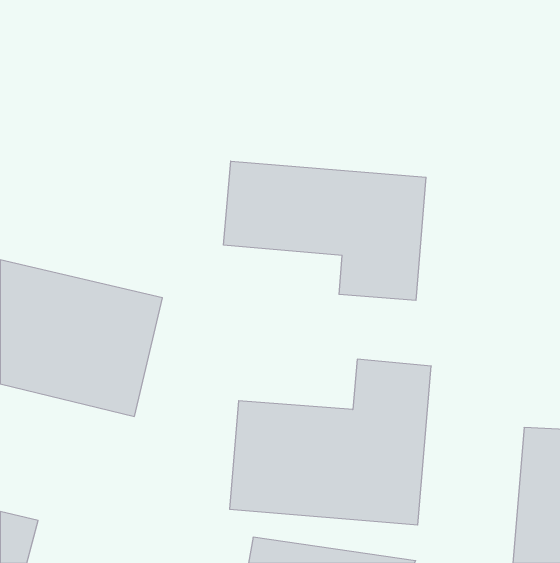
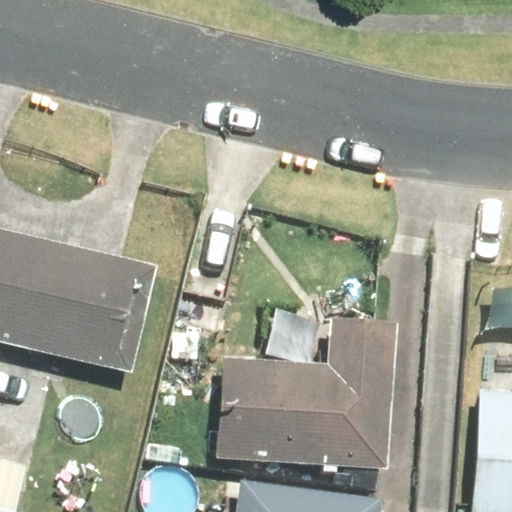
building: [224,161,426,300] -> none

